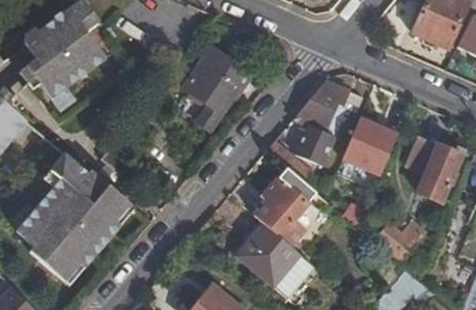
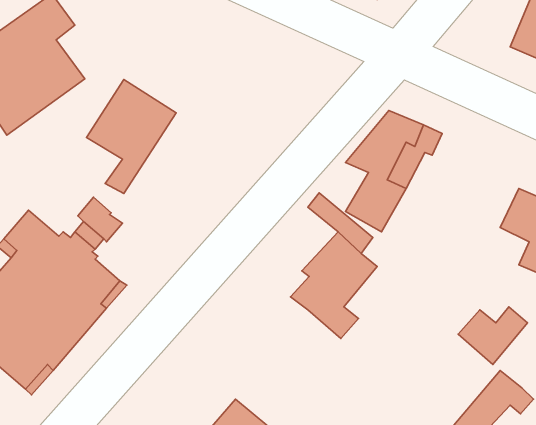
building: [184,48,248,130] -> [86,80,176,194]
building: [338,117,393,177] -> none
building: [237,223,316,299] -> none

